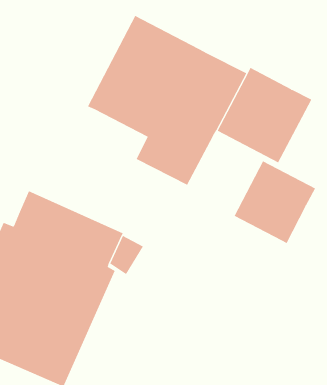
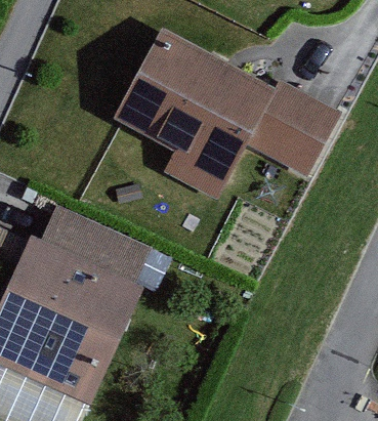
building: [234,161,316,244] -> none

